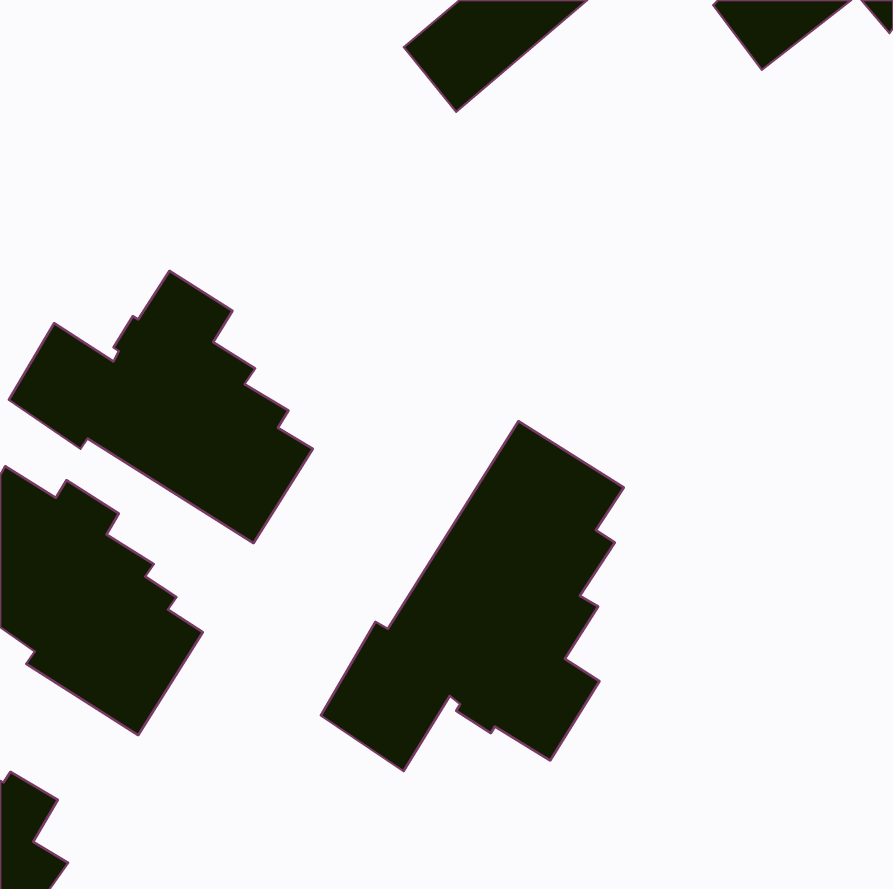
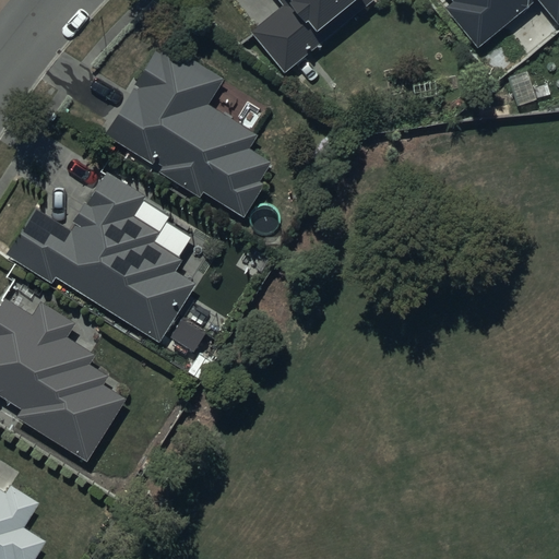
building: none -> [105,43,272,217]
building: [321,421,624,771] -> none

